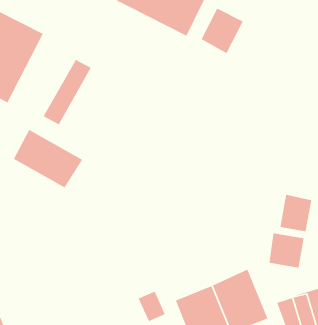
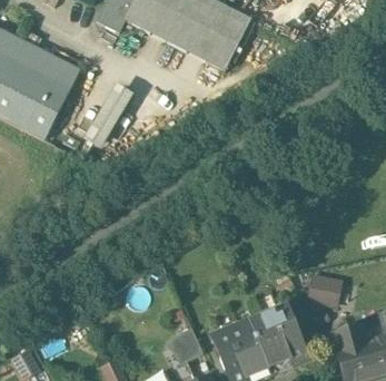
building: [201,7,244,54] -> none
building: [13,129,83,188] -> none
building: [279,194,312,232] -> none

